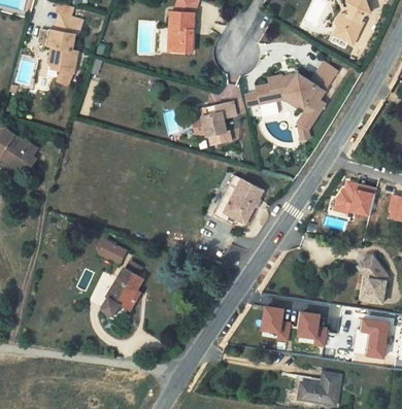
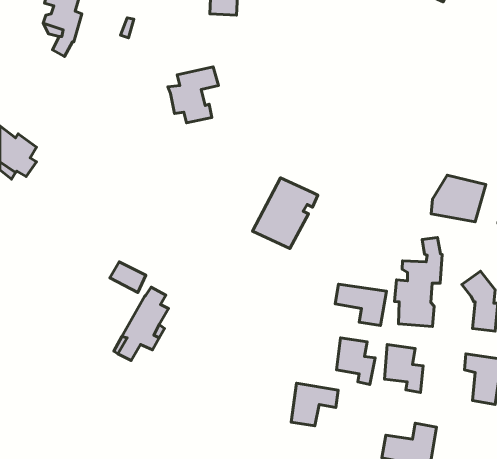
building: [256,61,338,141] -> none
building: [198,103,237,146] -> [168,67,219,123]
building: none -> [394,238,442,327]
building: none -> [335,284,386,325]
building: none -> [291,383,338,426]

